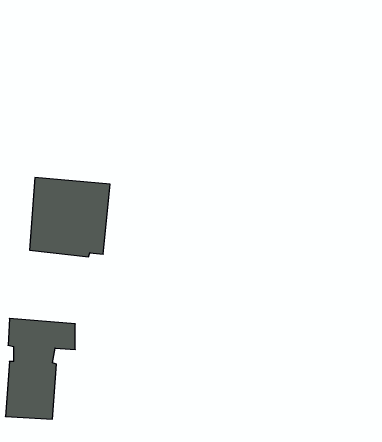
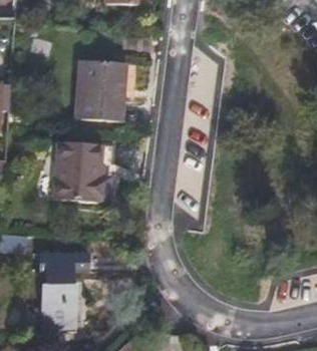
building: none -> [78,65,129,127]

